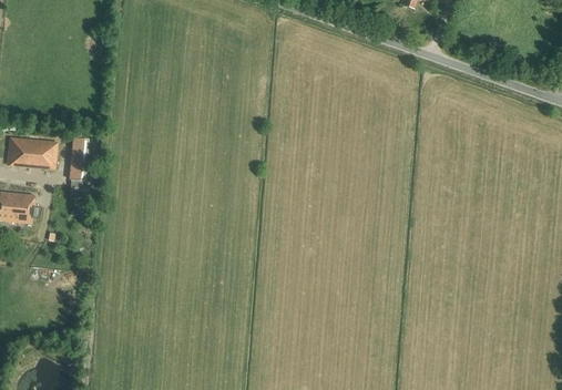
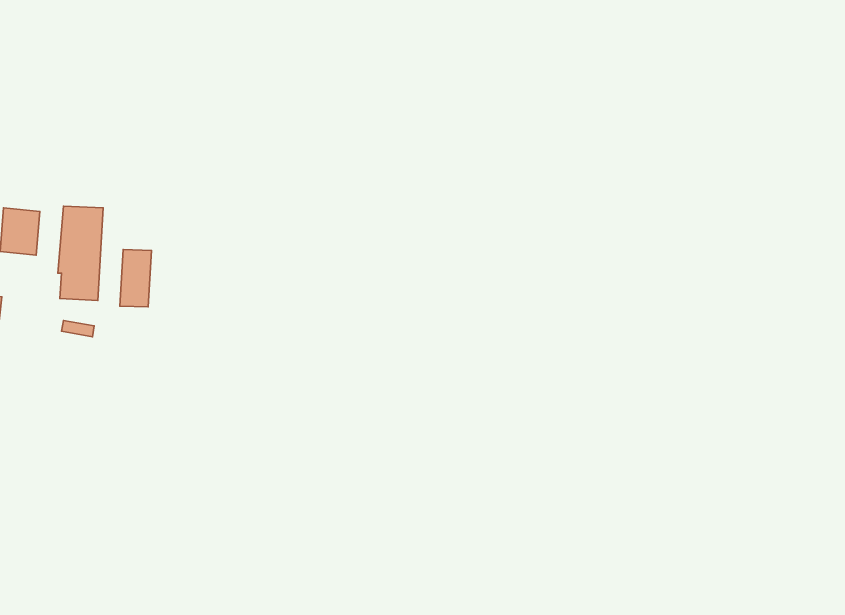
building: none -> [120,249,152,307]

